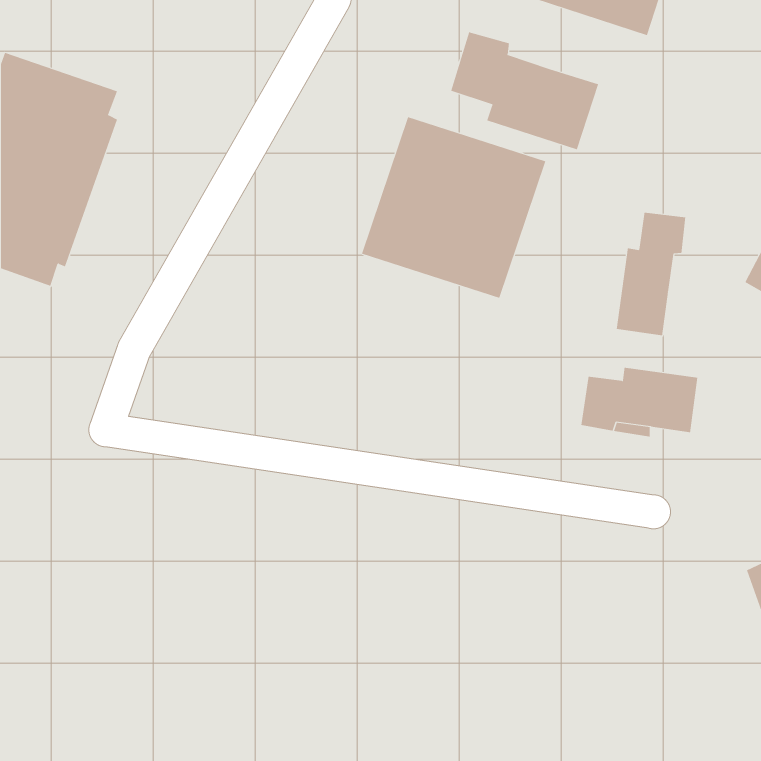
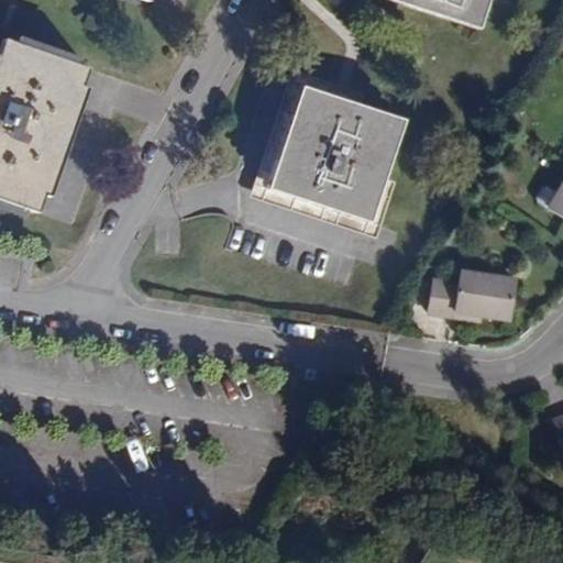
building: [450,31,599,150] -> none
building: [616,212,686,336] -> none

